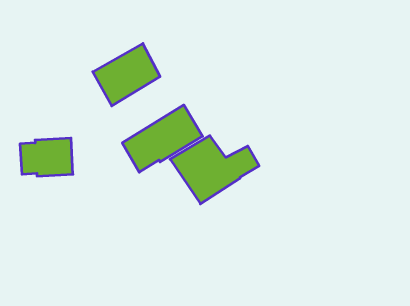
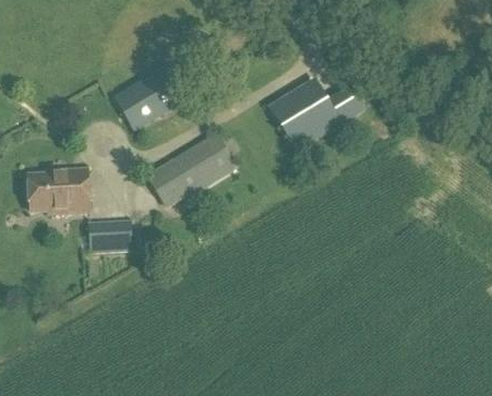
building: [170,136,259,204] -> [263,73,365,152]
building: none -> [89,221,132,251]

